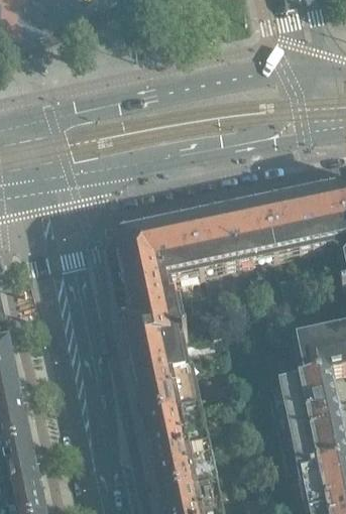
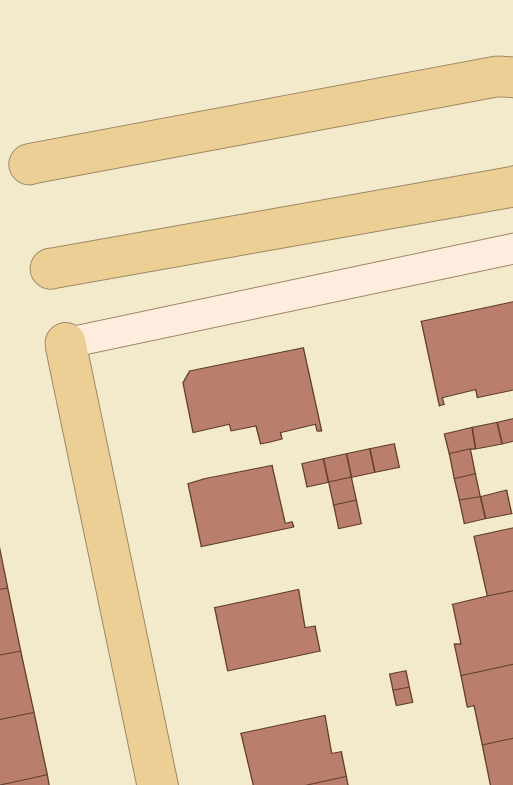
building: [195,204,277,270] -> none
building: [127,266,176,299] -> none
building: [132,329,193,378] -> none
building: [148,404,208,455] -> none

